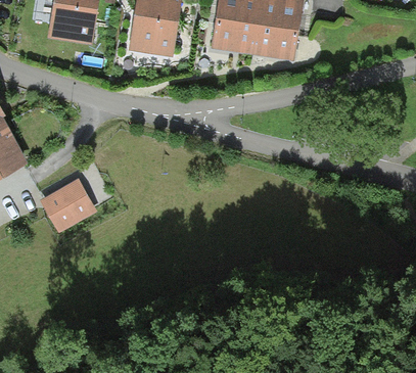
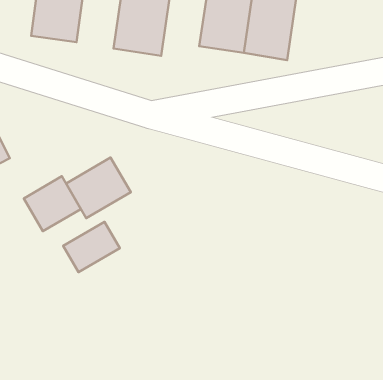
building: none -> [66,158,131,218]
building: none -> [63,222,120,272]

